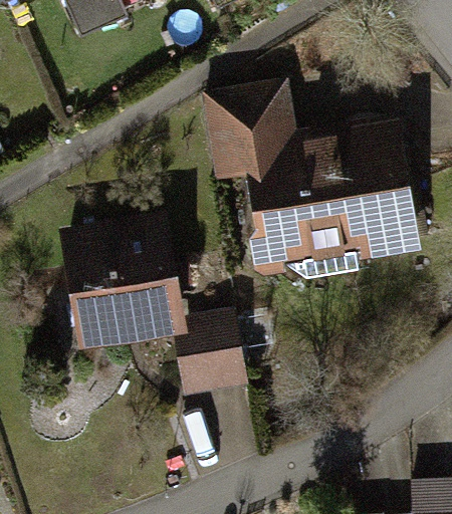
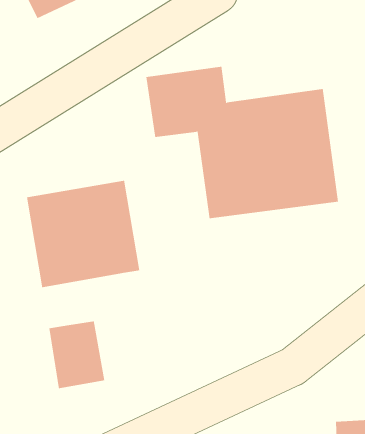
building: [176,318,239,394] -> [48,321,105,389]

